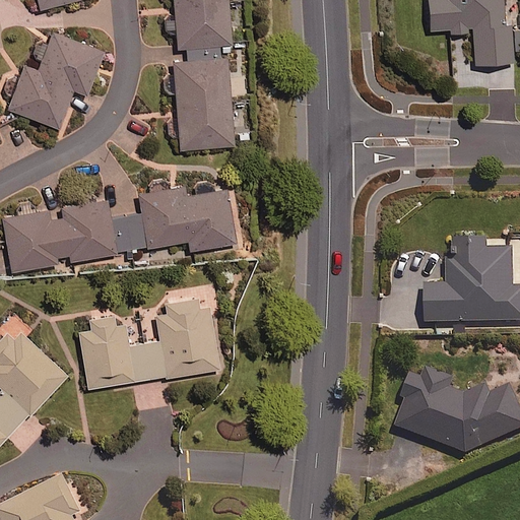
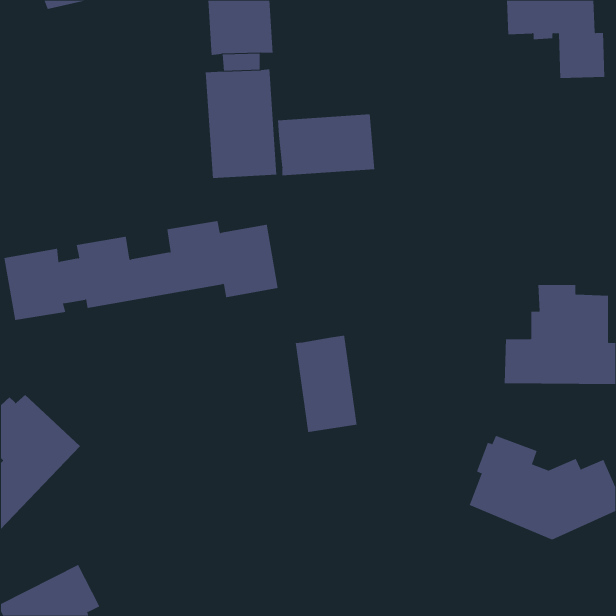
building: [5,31,104,128] -> none
building: none -> [277,113,375,176]
building: none -> [295,335,357,433]
building: [80,298,217,387] -> none

